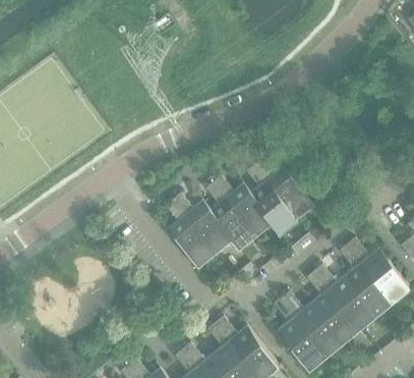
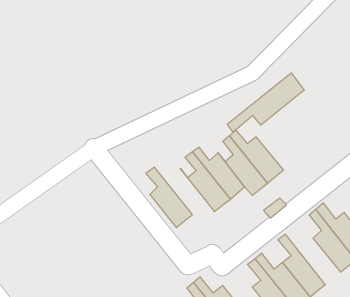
building: none -> [227,73,304,132]
building: [176,197,233,253] -> none
building: [316,268,375,328] -> none

